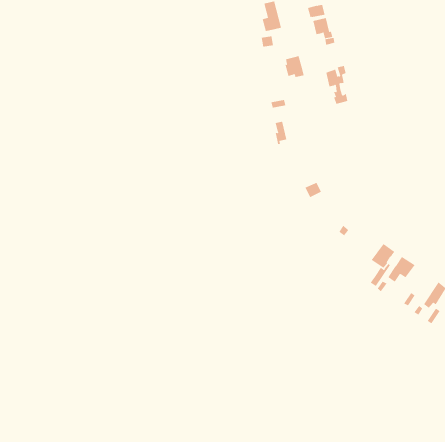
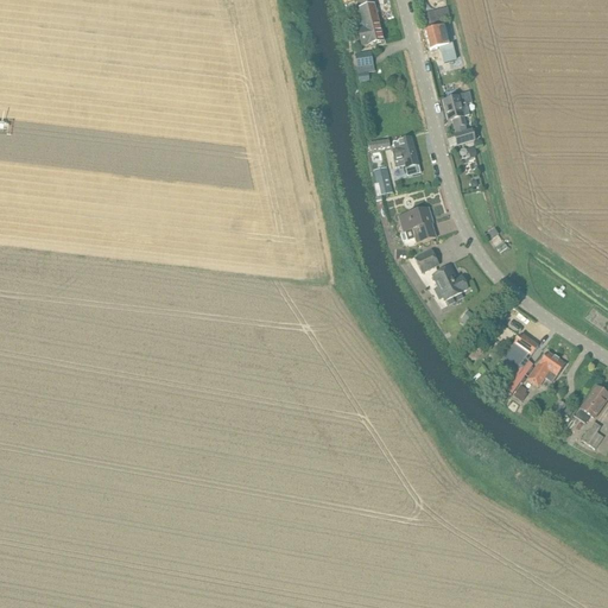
building: [284,56,305,77] -> [392,135,419,165]
building: none -> [399,205,437,241]
building: none -> [433,264,469,298]

